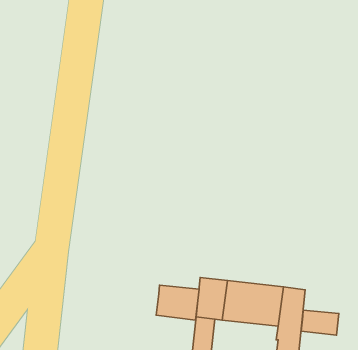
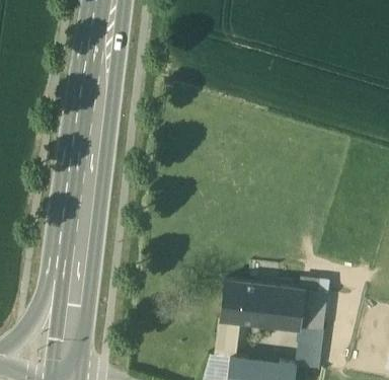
building: [156,285,199,320] -> none
building: [301,310,339,335] -> none

